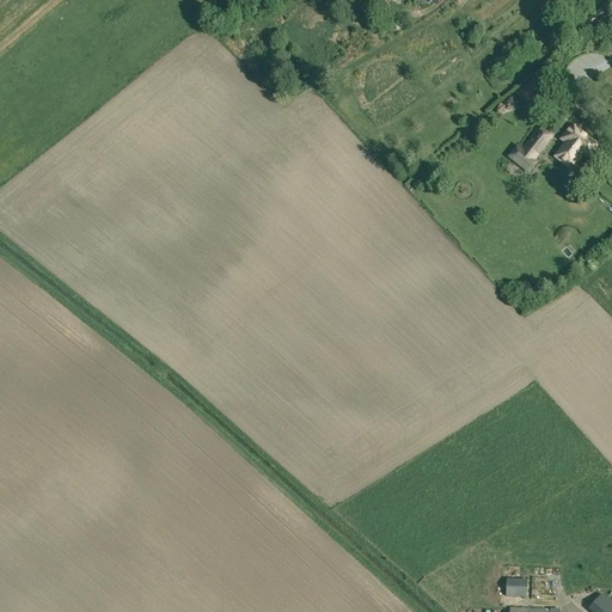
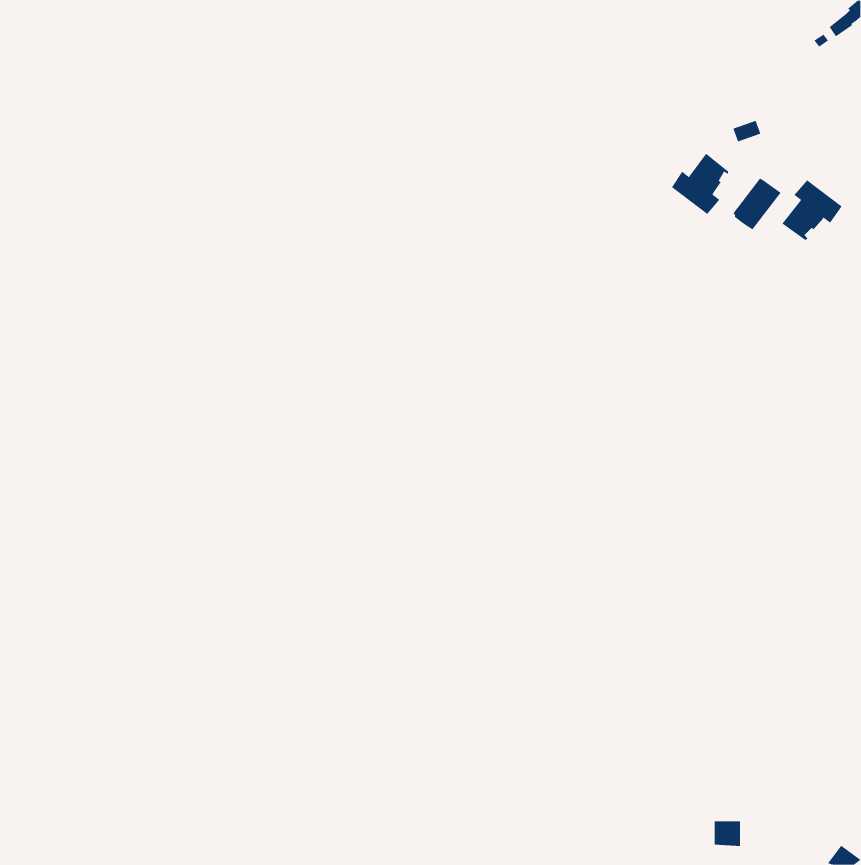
building: none -> [671,153,729,215]

